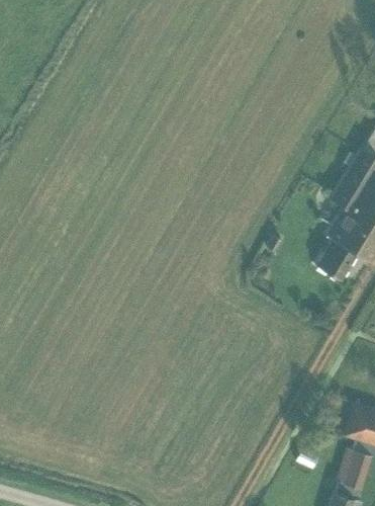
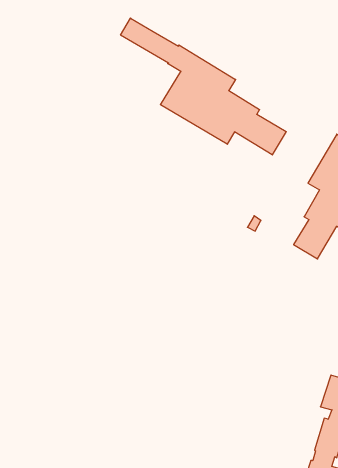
building: none -> [121,18,286,155]

